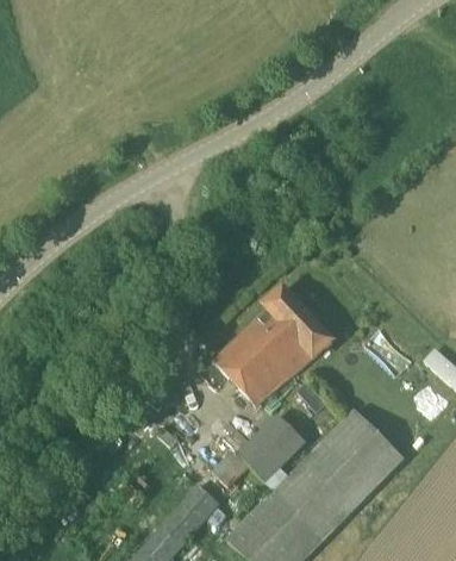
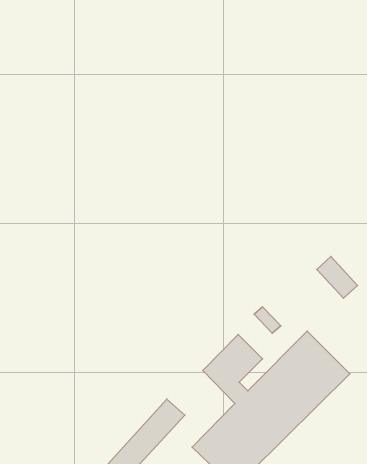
building: [213,286,332,406] -> none

